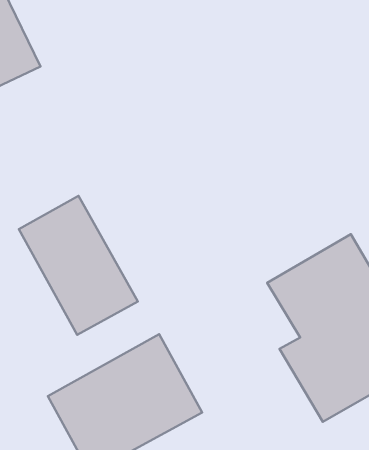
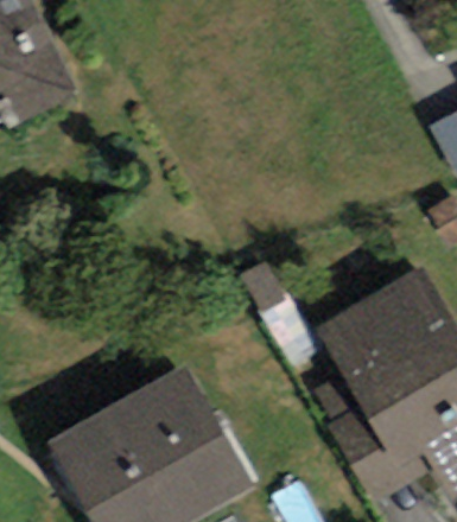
building: [19,196,138,335] -> none

